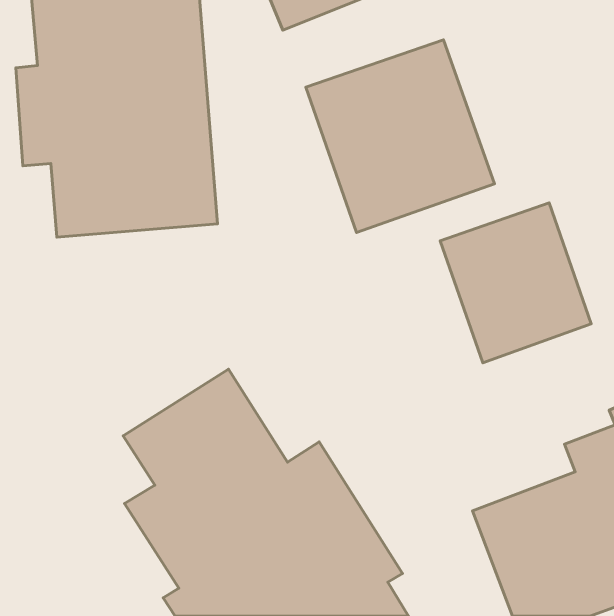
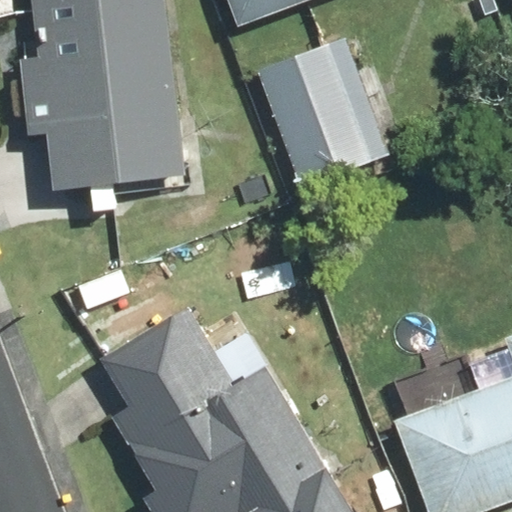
building: [440,203,591,363] -> none

